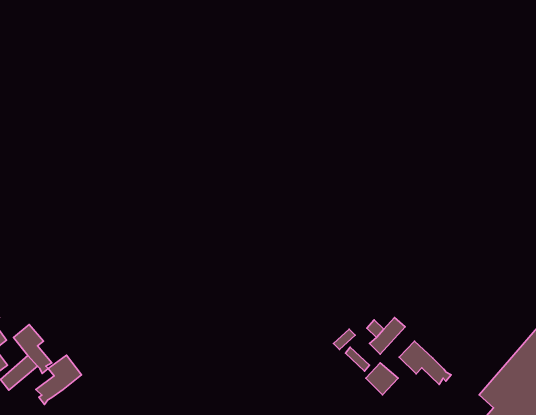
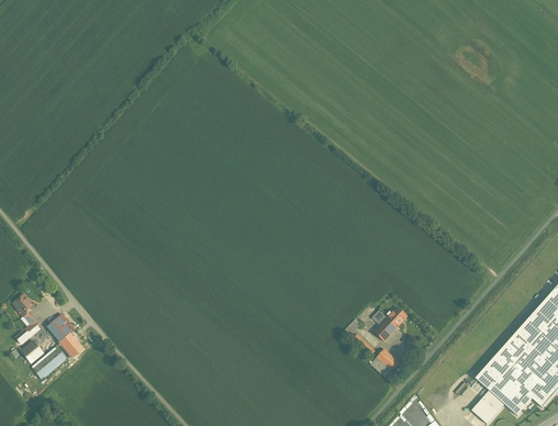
building: [399,341,451,384] -> none
building: [36,355,82,404] -> none

